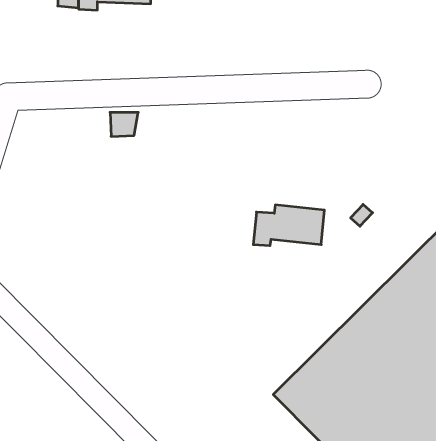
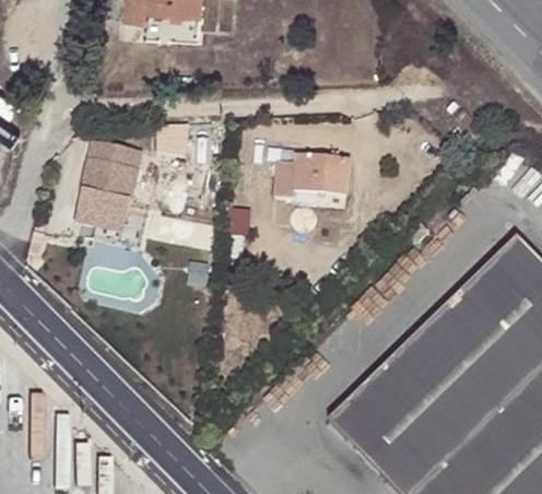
building: none -> [75,138,141,228]
building: [253,205,324,246] -> [275,152,350,195]

